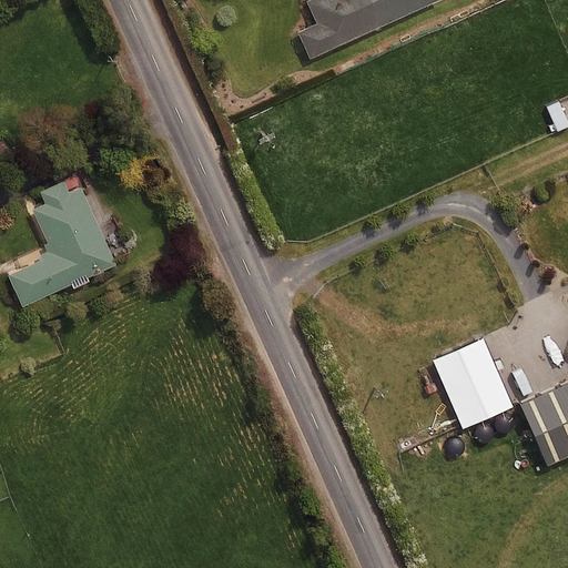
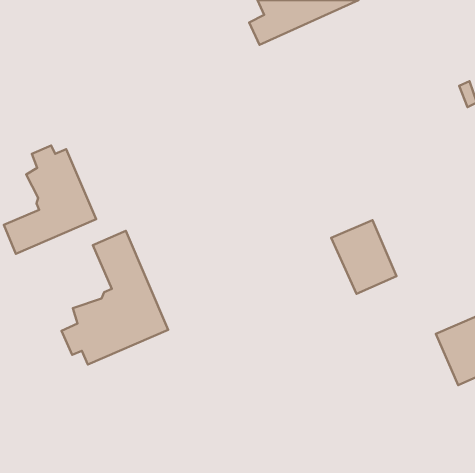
building: none -> [62,231,168,365]
building: [434,339,511,427] -> [331,220,397,294]

